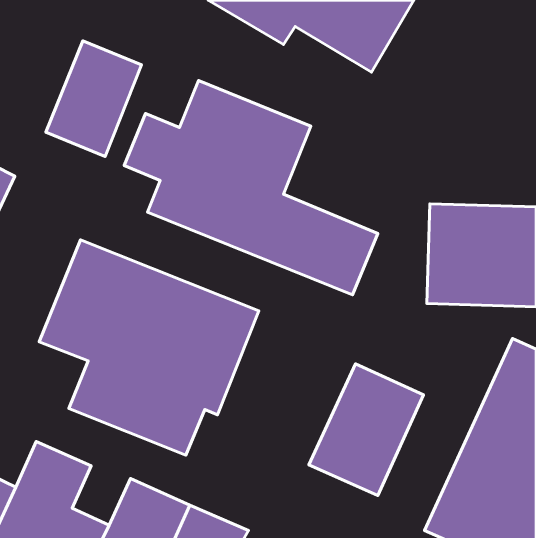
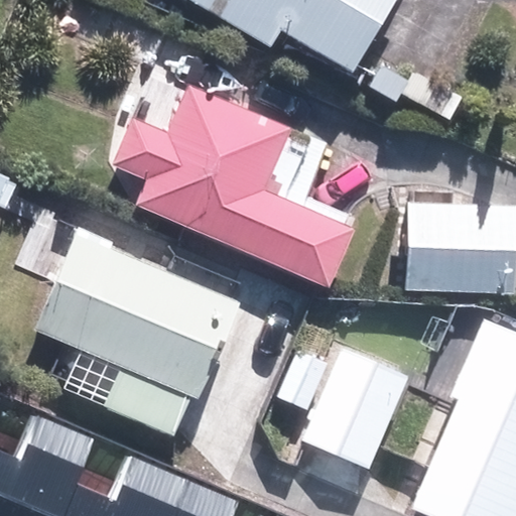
building: [46,41,142,157] -> none

